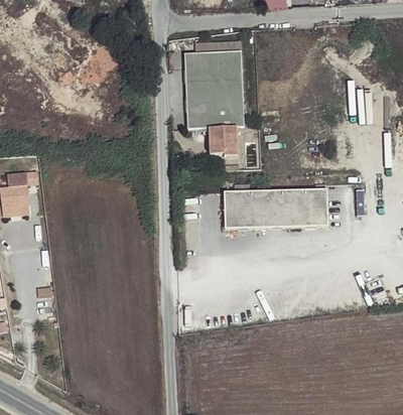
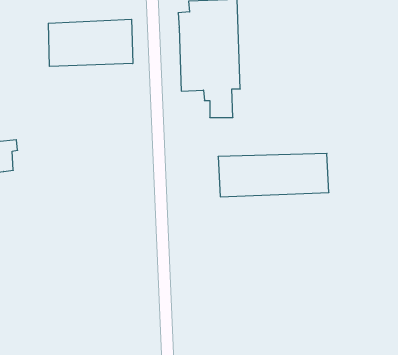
building: none -> [48,19,133,66]

